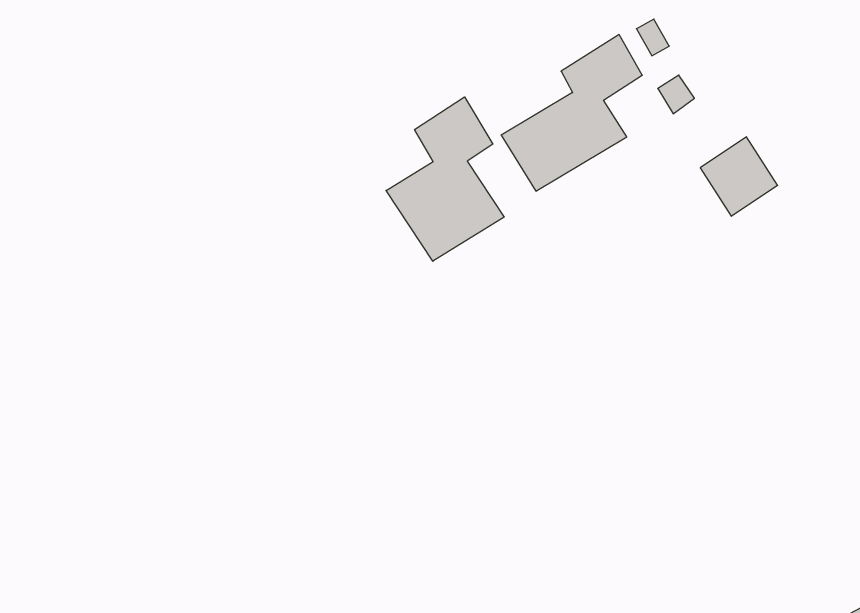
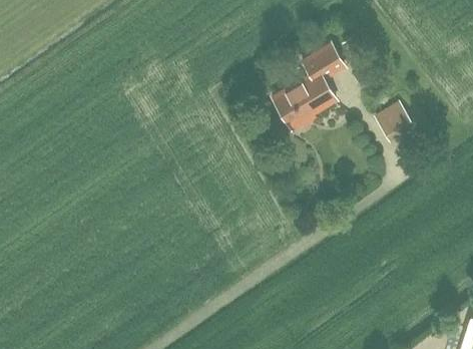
building: [386,97,504,261] -> none

